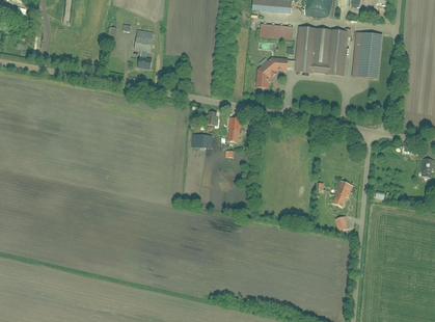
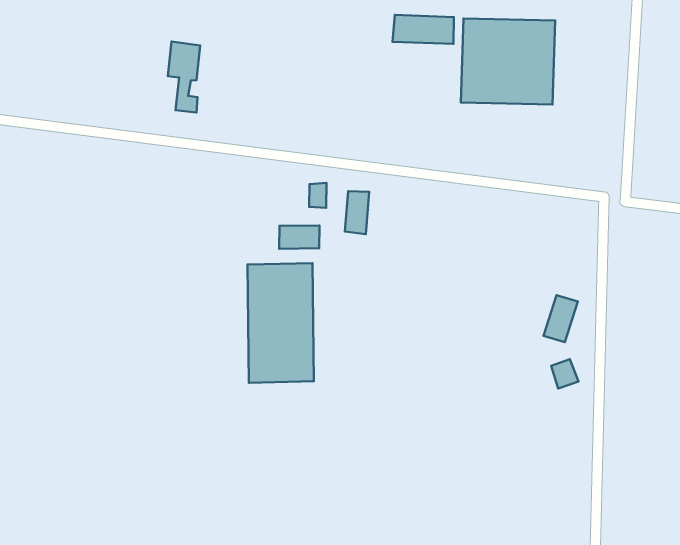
building: [352,32,382,79] -> none
building: [255,57,290,87] -> none
building: none -> [247,263,314,383]

